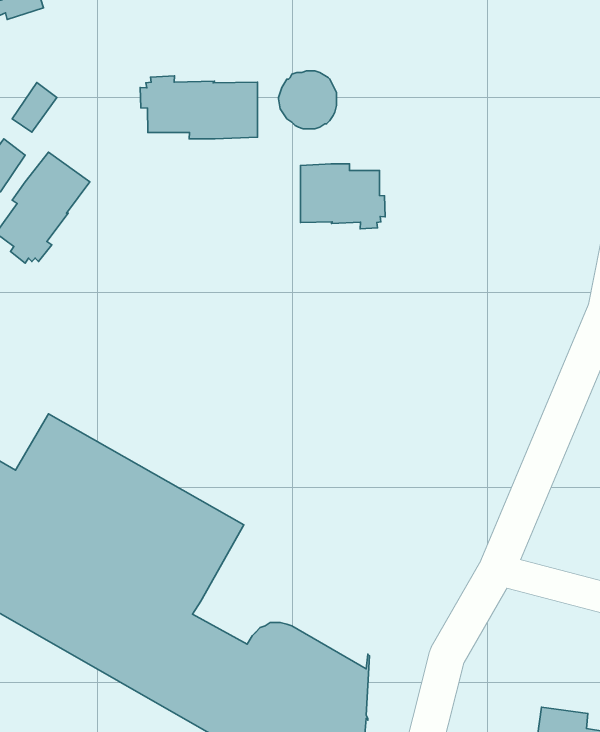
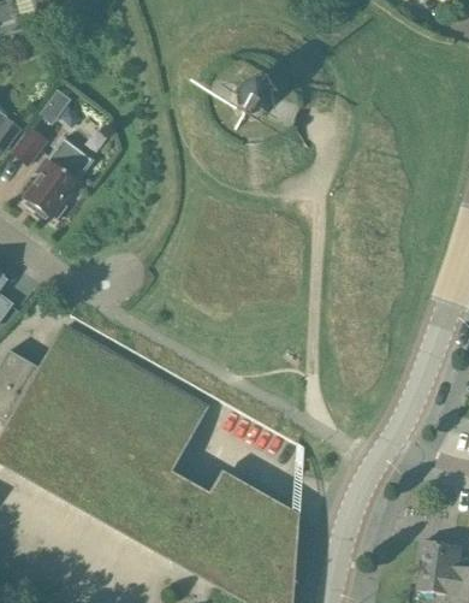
building: [140,76,258,139] -> none
building: [300,164,385,229] -> none

